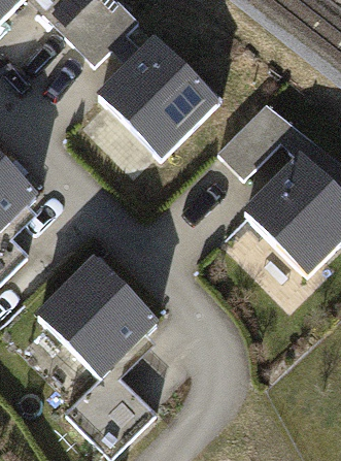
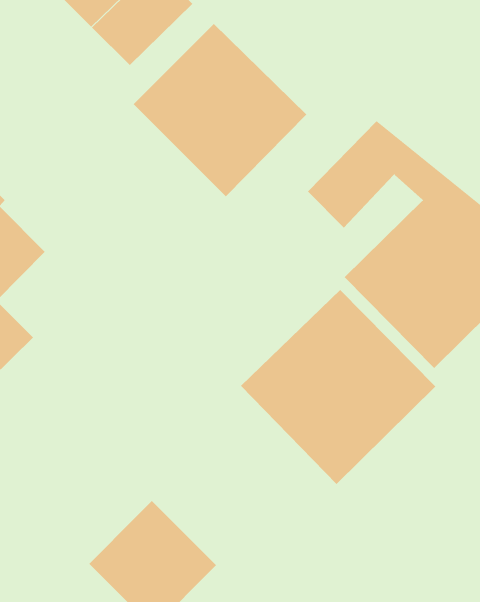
building: none -> [240,289,436,485]
building: [39,257,158,380] -> none

